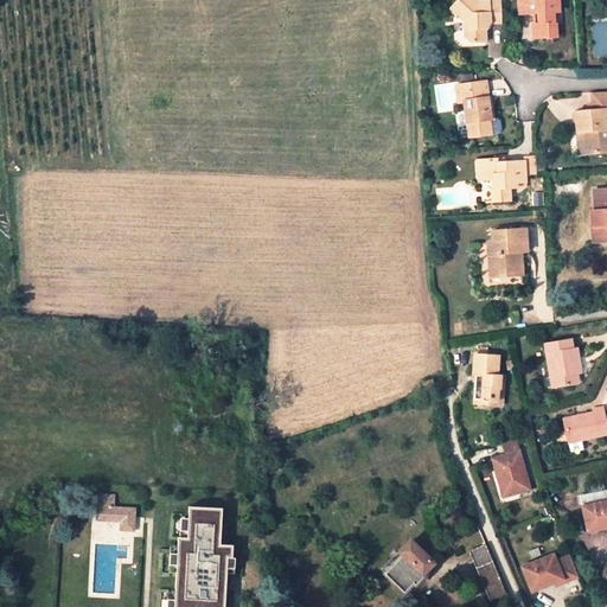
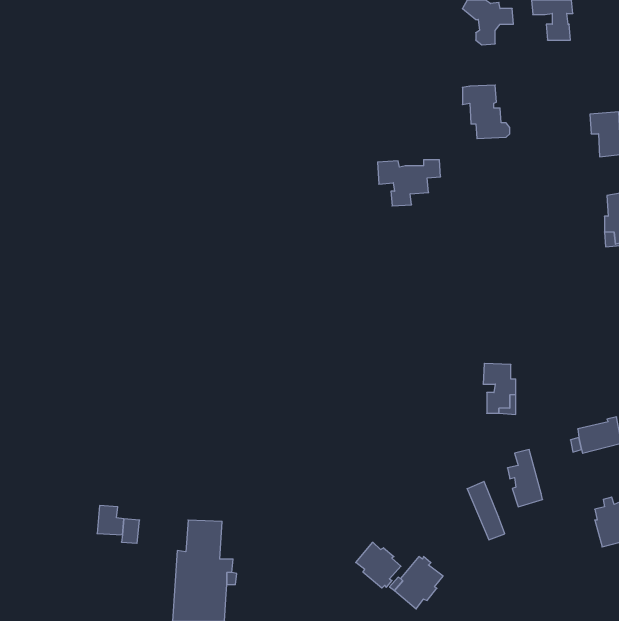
building: [474,155,536,200] -> [378,160,441,206]
building: [483,228,526,275] -> none
building: [548,338,581,386] -> none
building: none -> [356,542,401,588]
building: [471,544,507,601] -> [467,481,505,540]
building: [523,549,579,593] -> none

